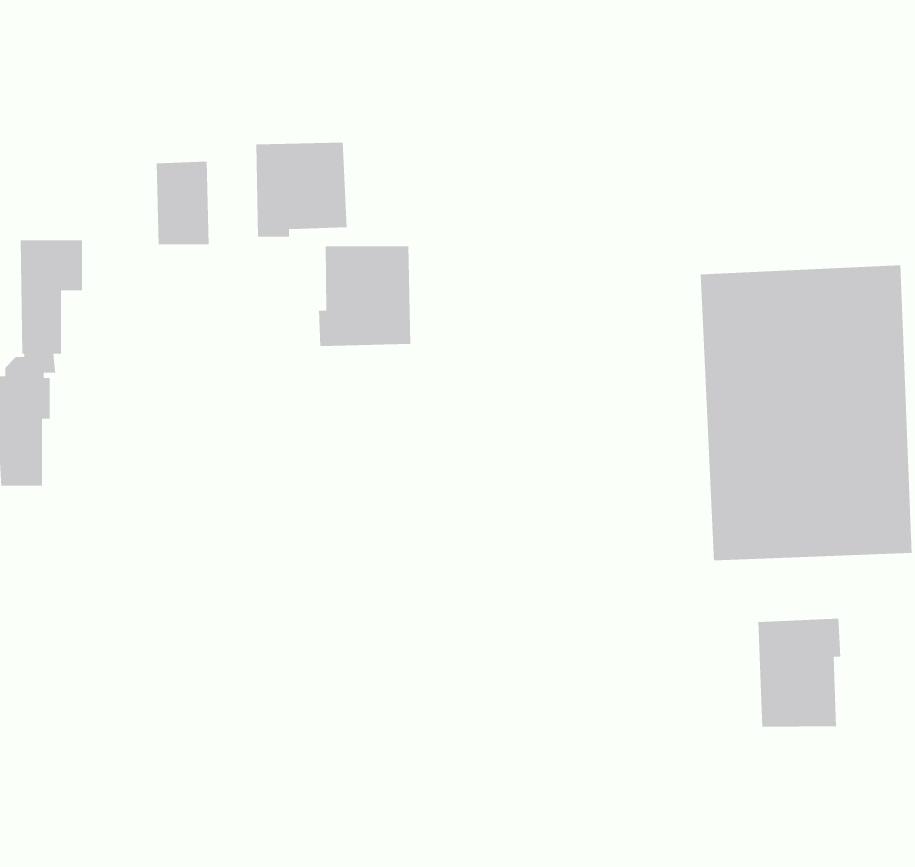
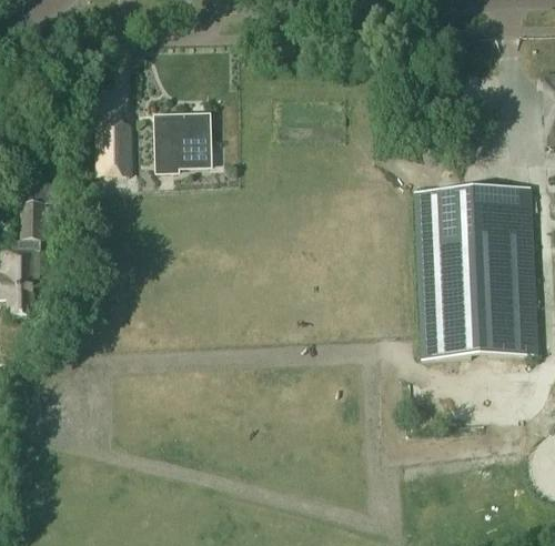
building: [318,245,411,347] -> none
building: [757,618,841,727] -> none

